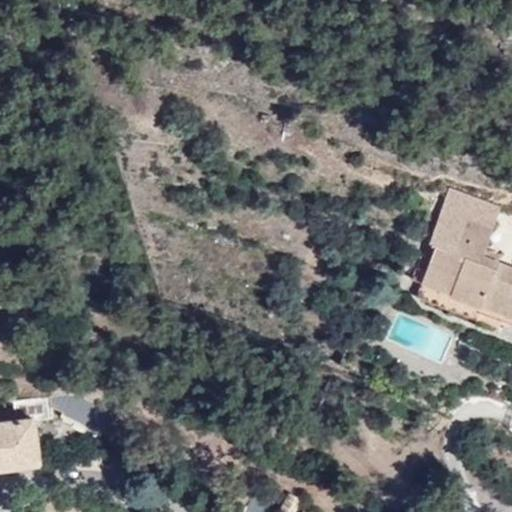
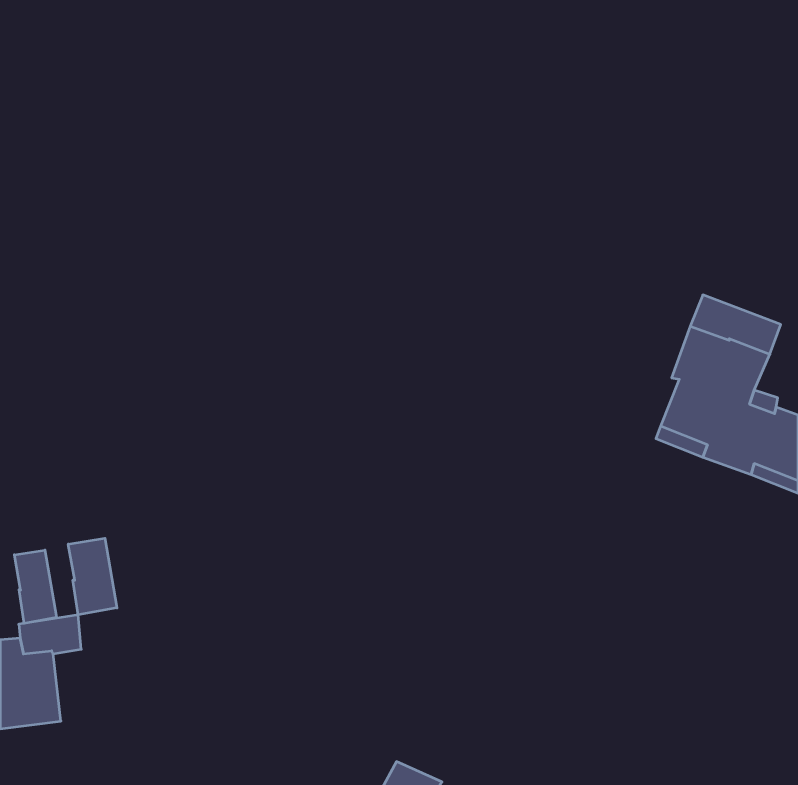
building: none -> [68,538,117,615]
building: none -> [14,550,56,623]

